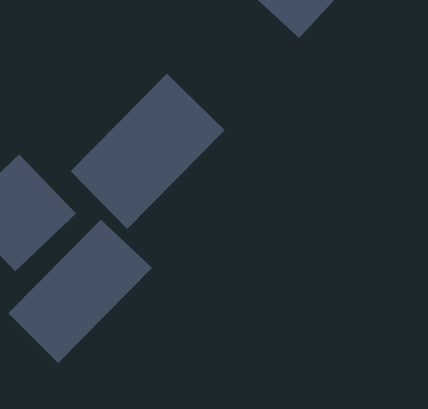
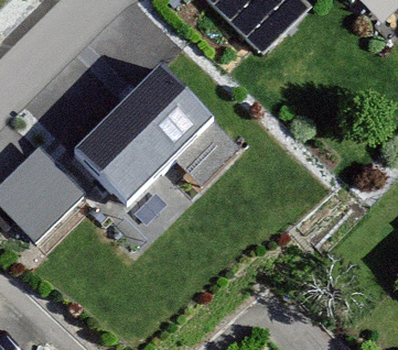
building: [8,219,153,364] -> none

